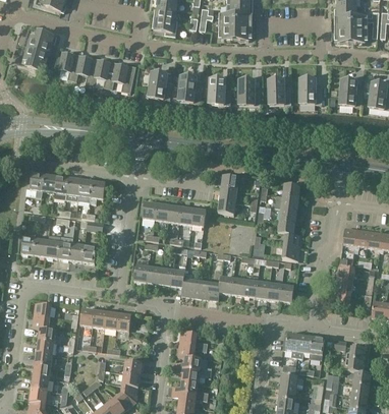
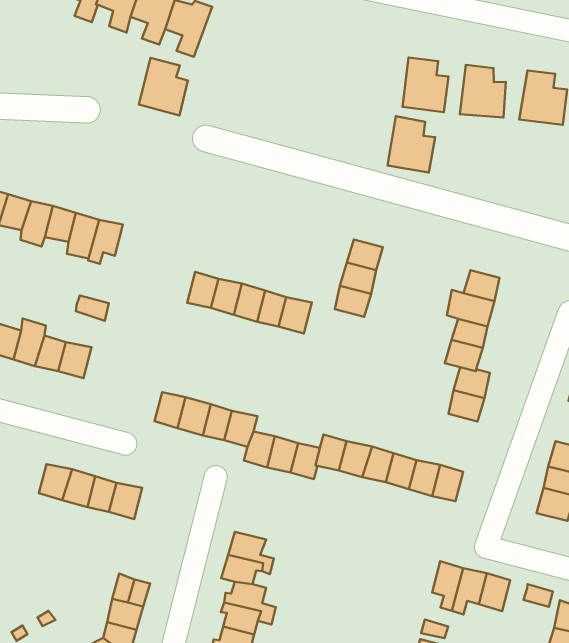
building: [149,72,172,100] -> [139,58,188,116]
building: [178,75,202,103] -> none
building: [209,78,231,105] -> [388,116,435,173]

